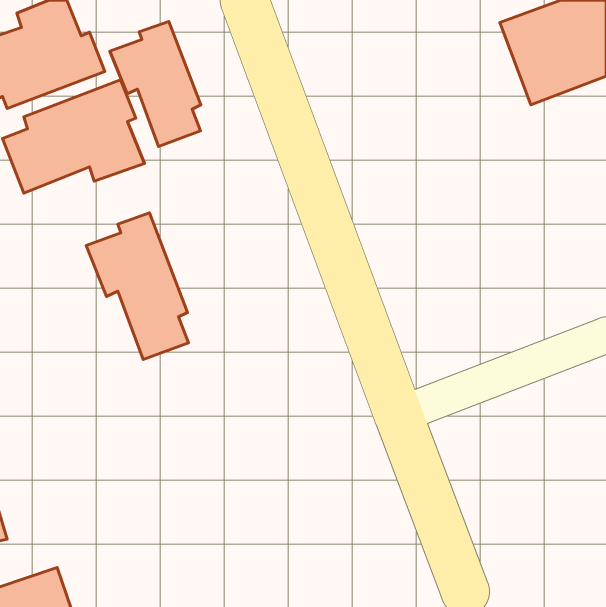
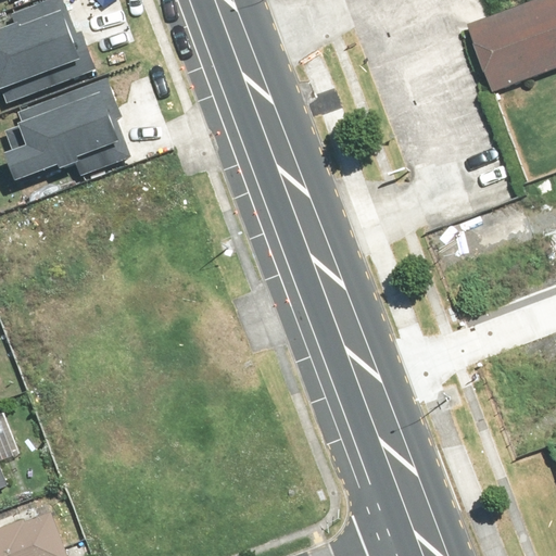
building: [110,21,201,146] -> none
building: [86,213,188,360] -> none

